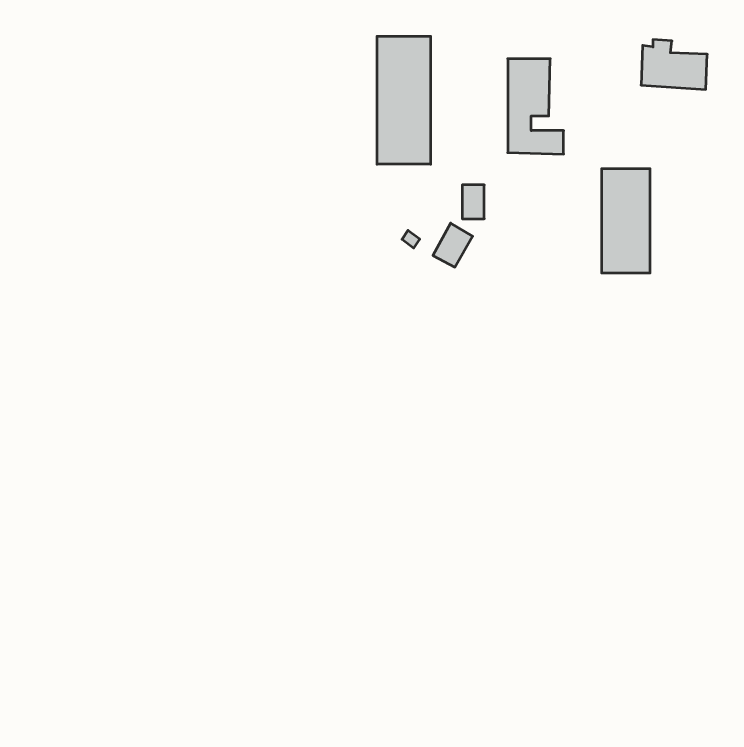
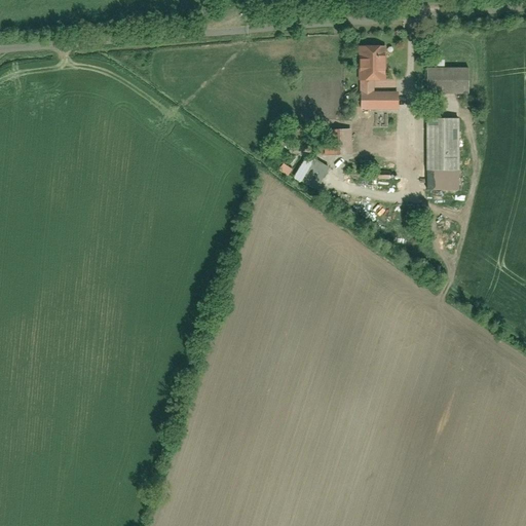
building: [377,36,431,164] -> none
building: [641,40,707,89] -> [424,60,471,95]

